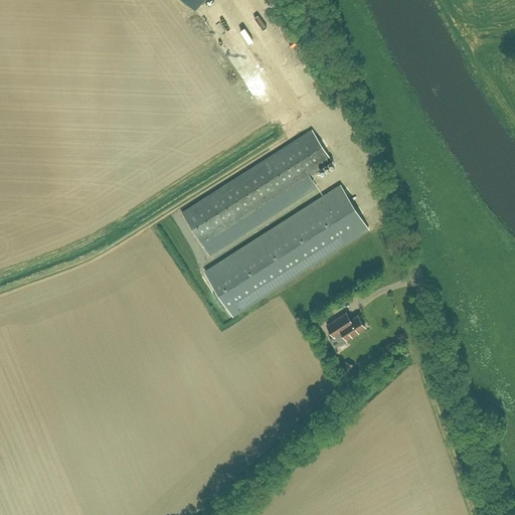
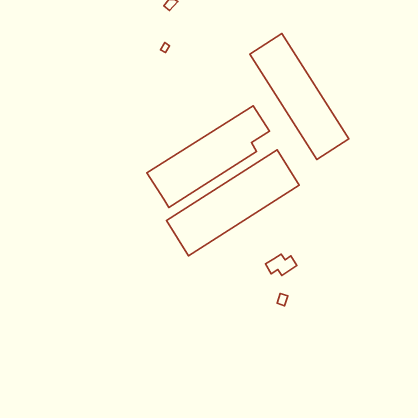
building: none -> [250,34,349,159]

